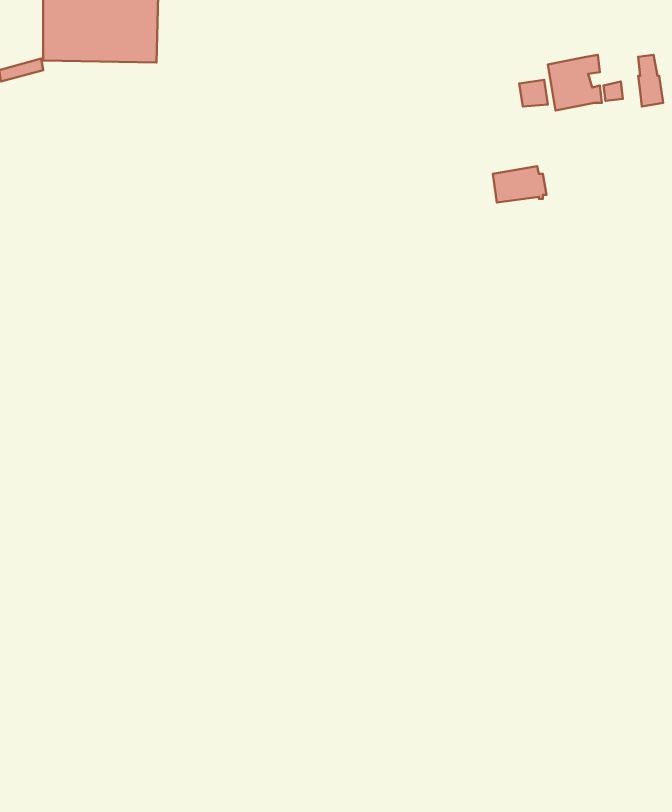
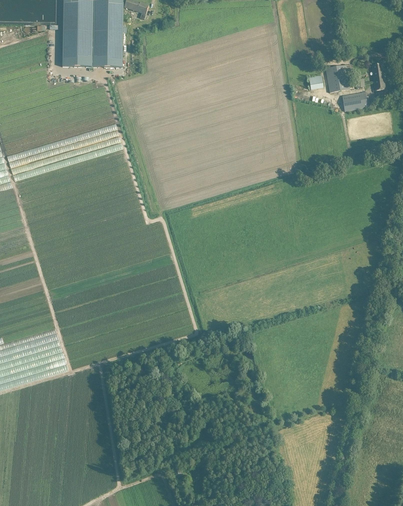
building: [493,166,547,203] -> [340,90,368,109]

